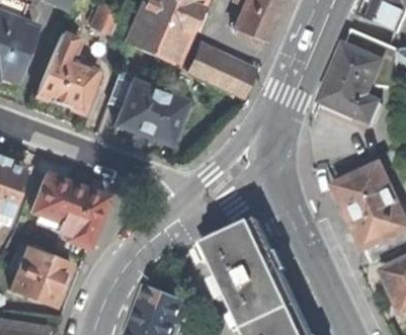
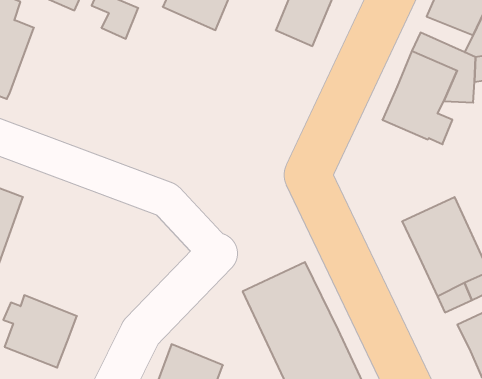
building: [125,9,183,64] -> none
building: [33,33,97,112] -> none
building: [188,47,252,95] -> none
building: [106,69,184,140] -> none
building: [29,174,105,248] -> none

